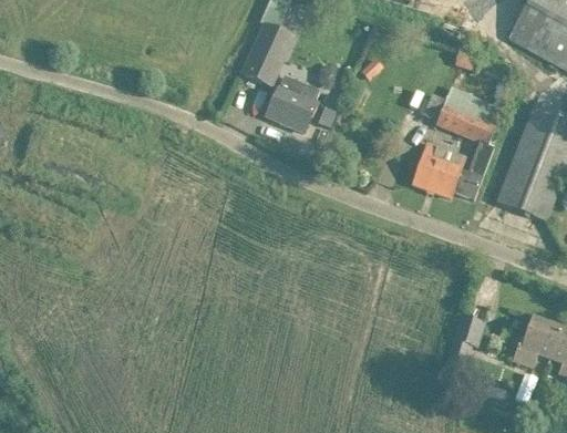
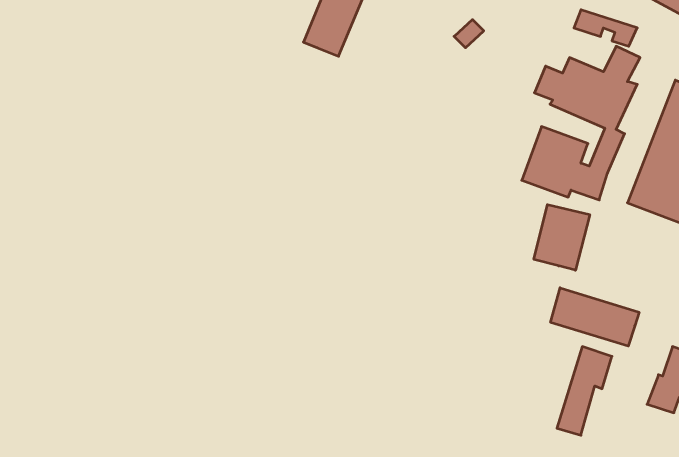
building: [267,75,320,132] -> none
building: none -> [534,205,590,270]
building: none -> [551,288,639,346]

